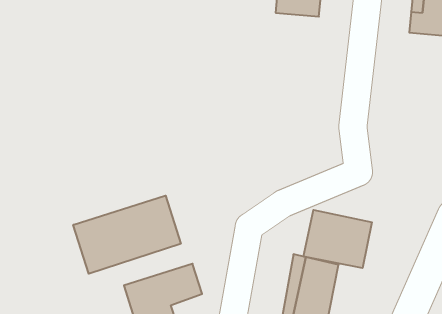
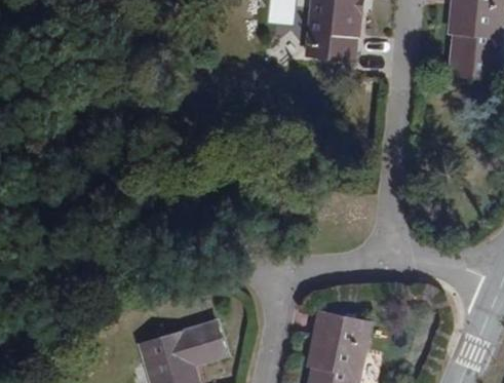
building: [73,196,181,274] -> none
building: [303,210,372,268] -> none

